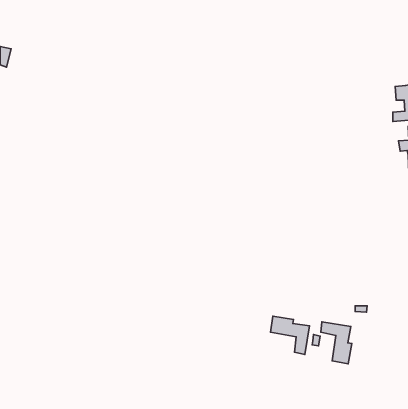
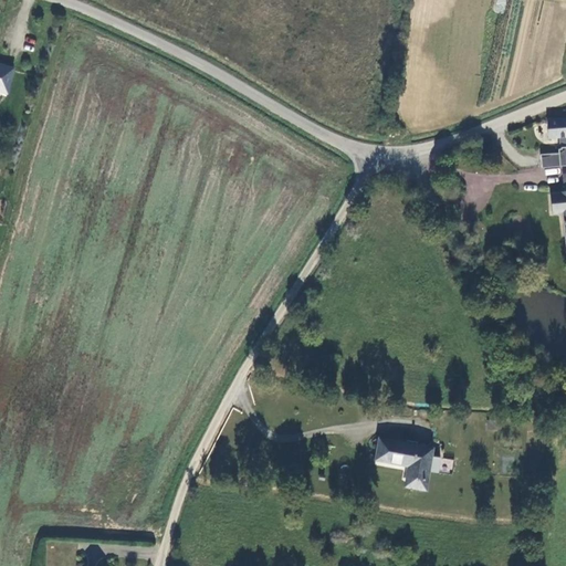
building: [321,322,352,364] -> none

